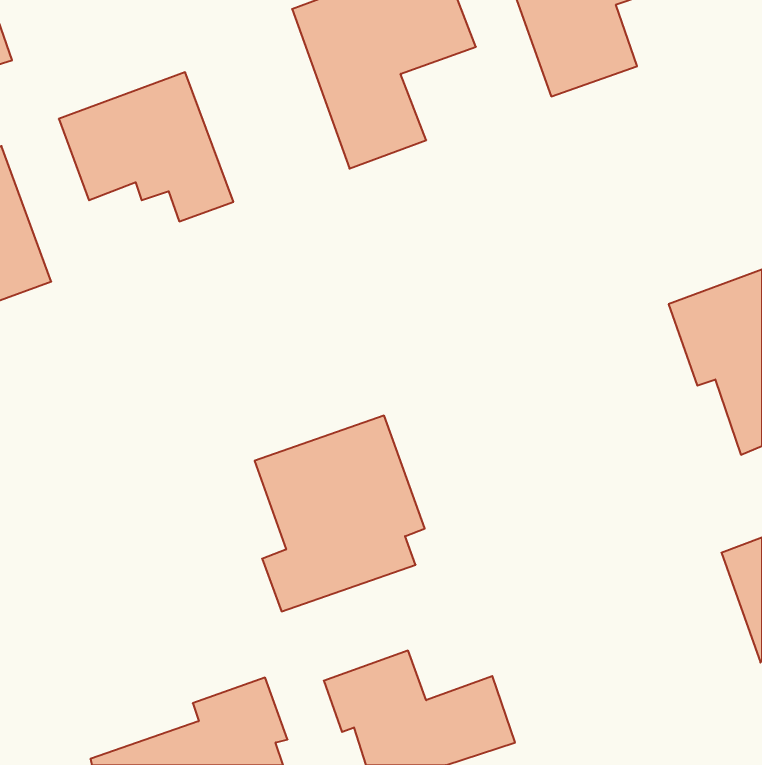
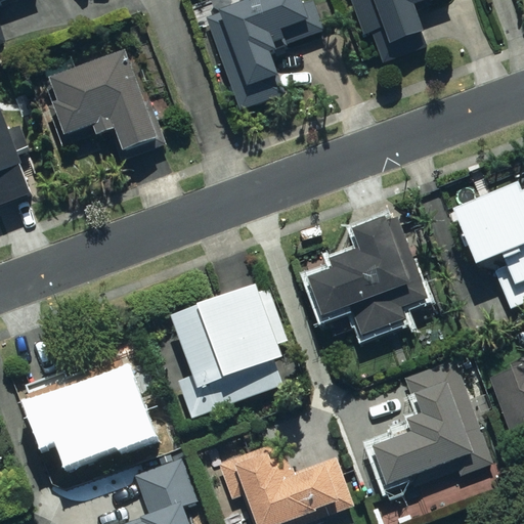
building: none -> [308,215,411,336]
building: none -> [26,354,147,464]
building: none -> [372,362,492,492]

